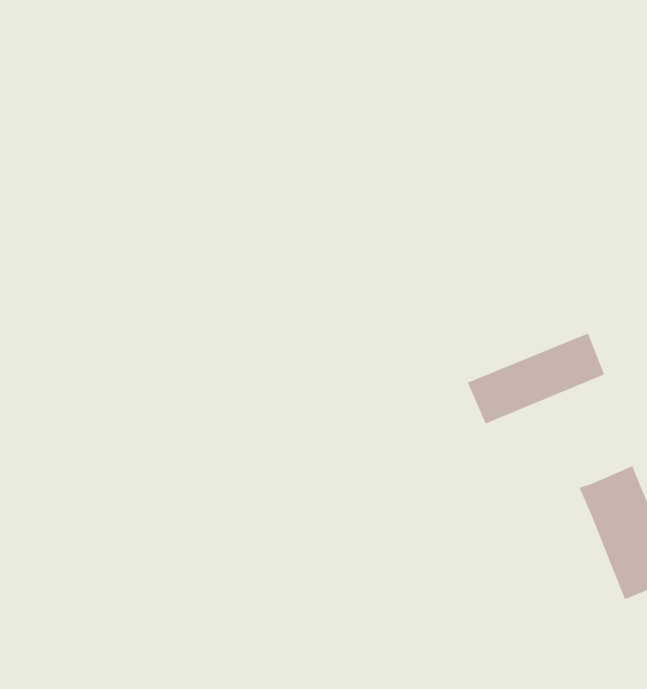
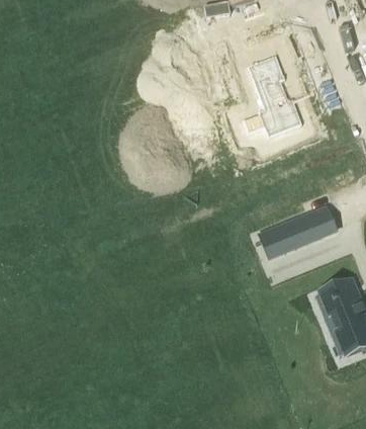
building: none -> [252,65,300,133]

